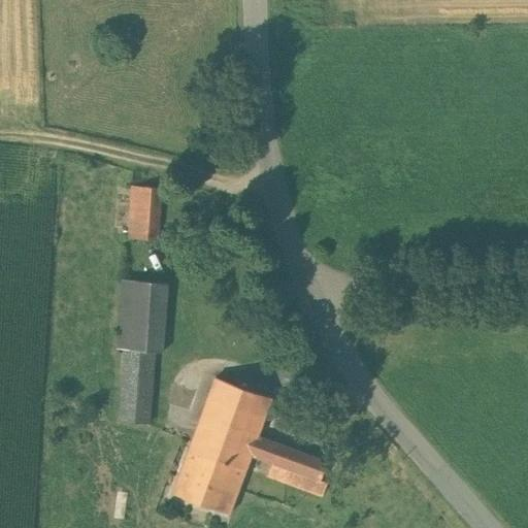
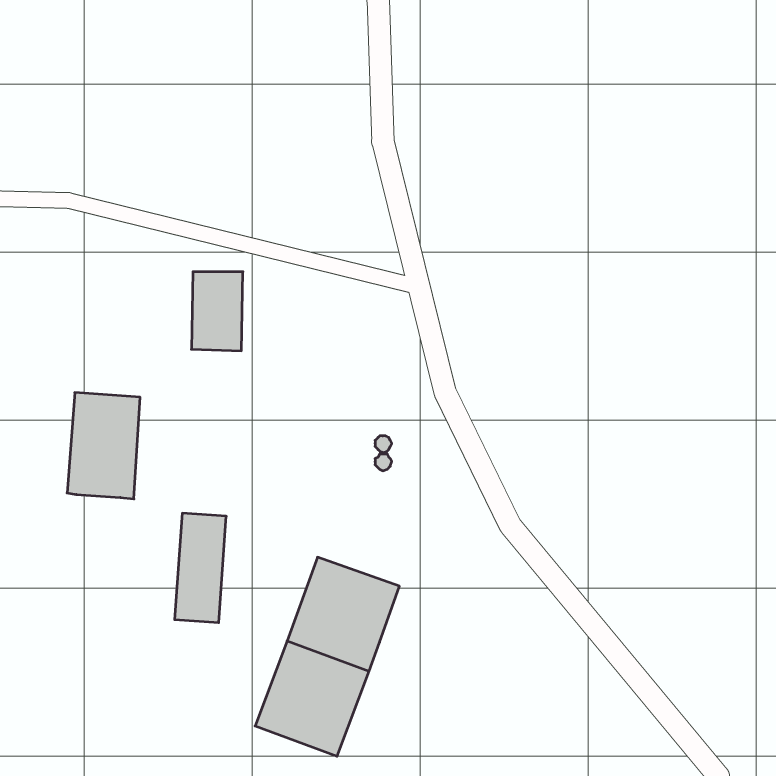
building: [118,279,167,352] -> [67,393,140,499]
building: [251,436,327,496] -> none

